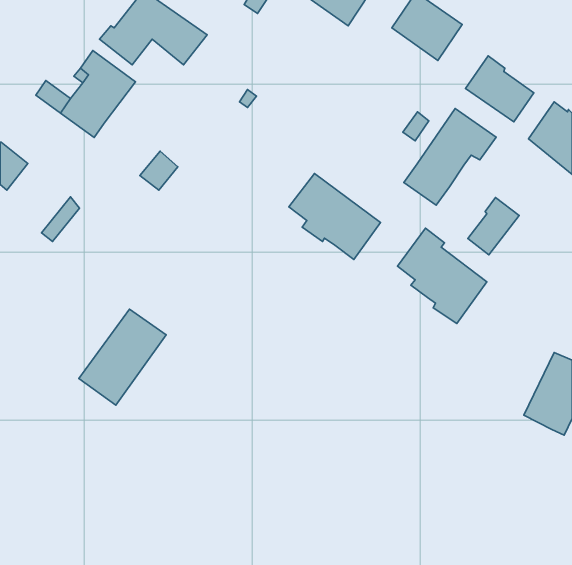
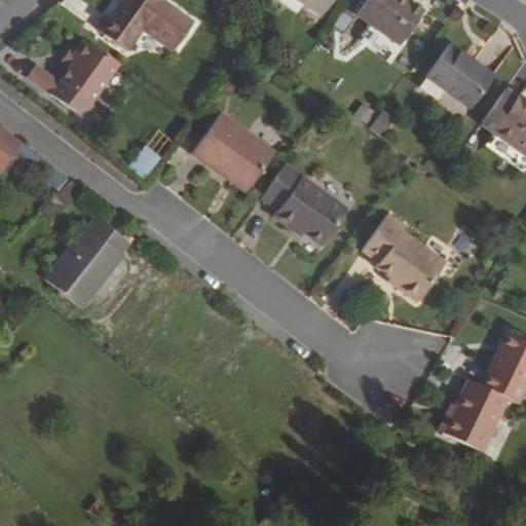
building: [404,109,496,205] -> none
building: none -> [194,108,276,186]
building: [468,197,519,255] -> none
building: [79,309,166,405] -> [49,212,129,300]
building: none -> [440,376,506,446]

